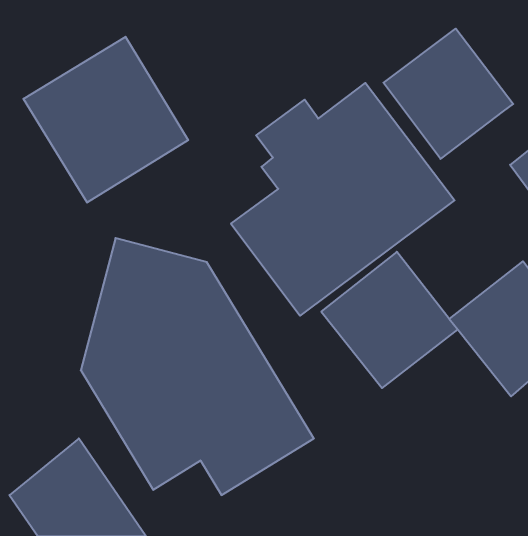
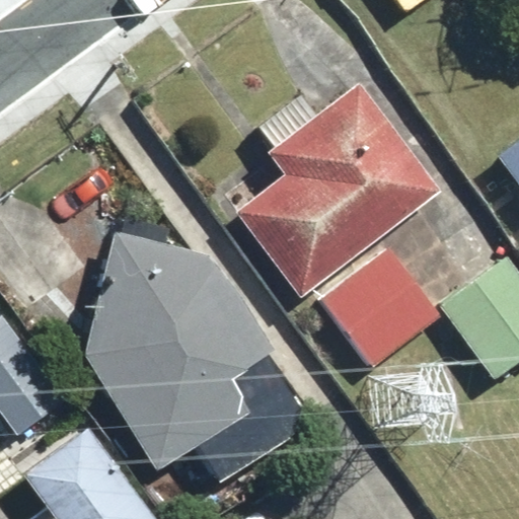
building: [383,29,513,159] -> none
building: [23,37,188,203] -> none

